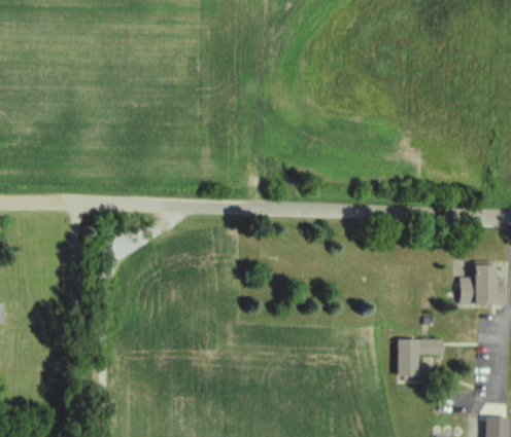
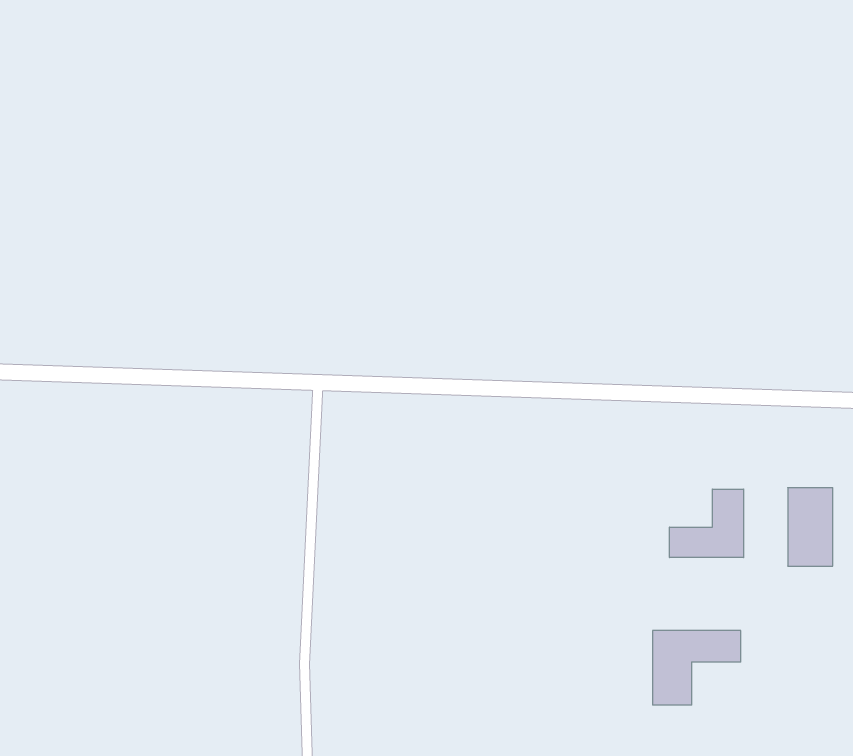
building: none -> [670,489,744,558]

